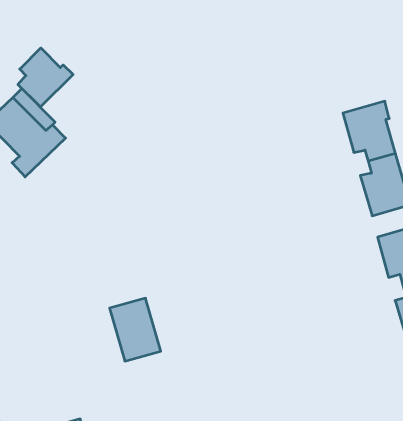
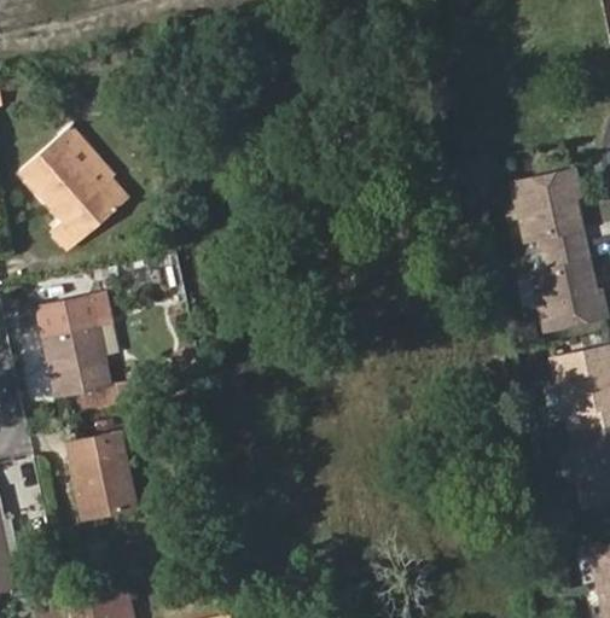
building: [18,48,73,107] -> none
building: none -> [40,295,112,397]
building: [110,298,161,361] -> [69,433,136,519]

